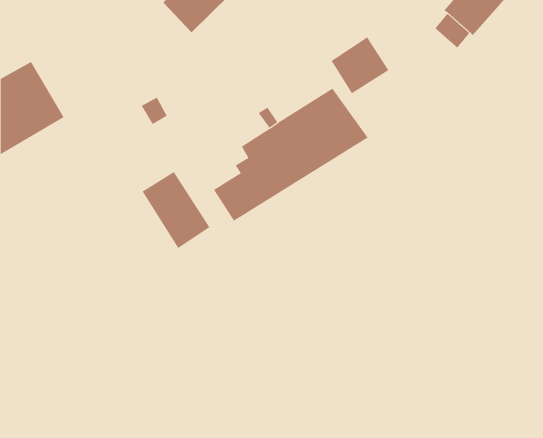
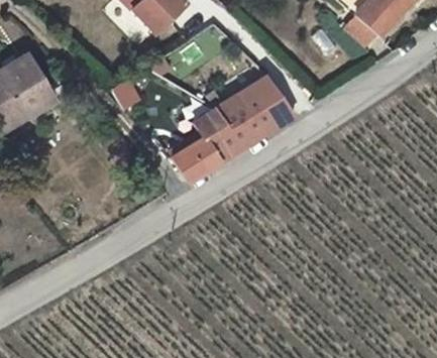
building: [331,36,389,94] -> none
building: [142,171,210,249] -> none

